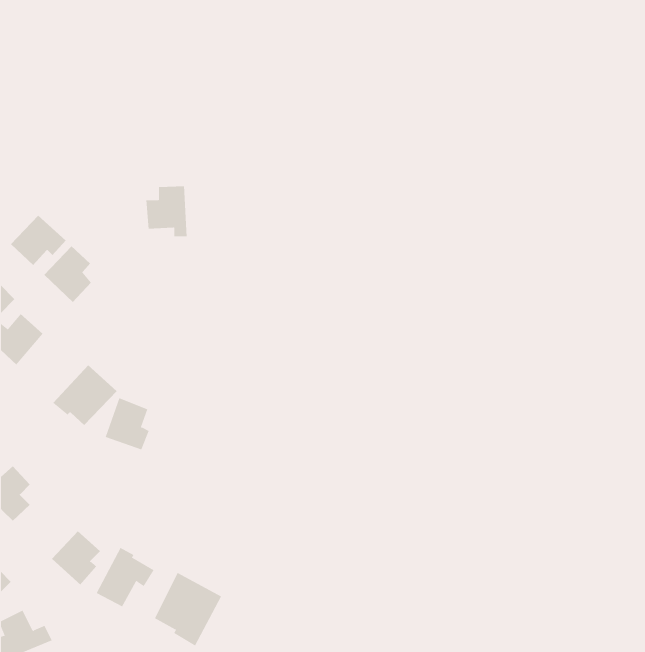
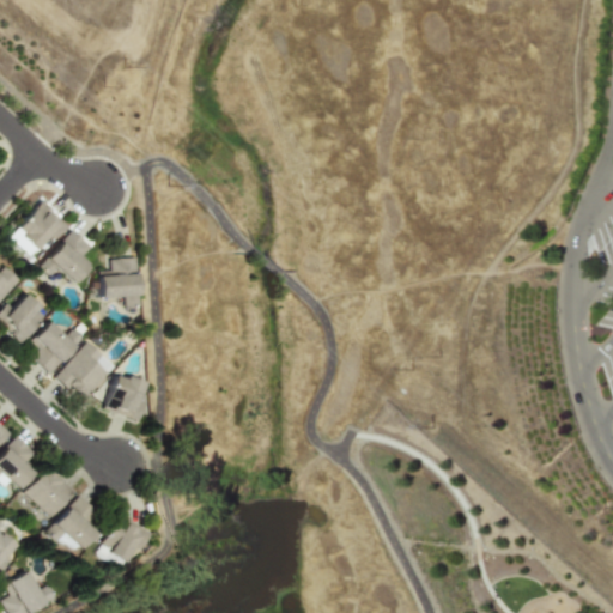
building: [145,186,188,237] -> [101,259,140,306]
building: none -> [30,322,78,375]
building: none -> [25,467,75,518]
building: [154,572,222,646] -> none

